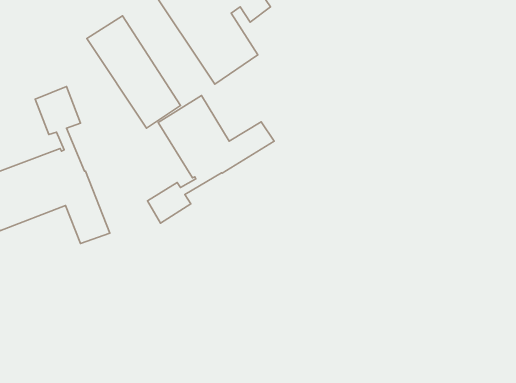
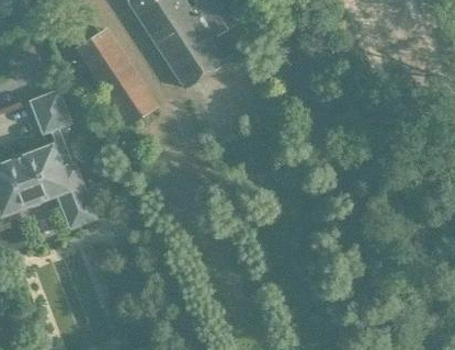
building: [147,96,274,223] -> none

